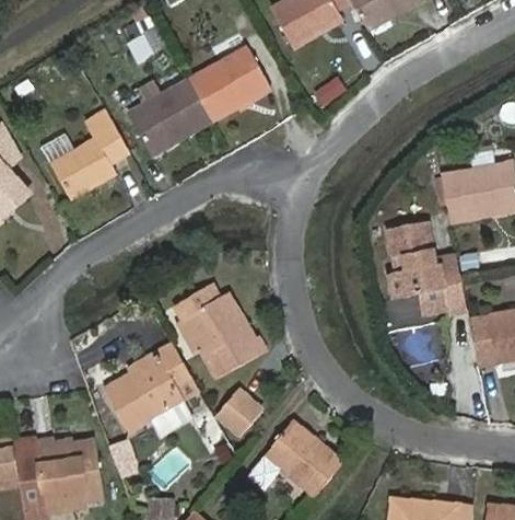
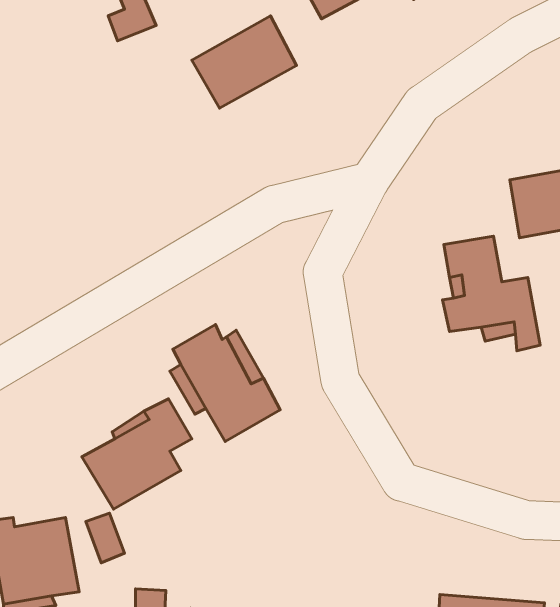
building: [133,78,212,149] -> none
building: [55,113,131,194] -> none
building: [216,393,262,438] -> none
building: [264,425,341,497] -> none

